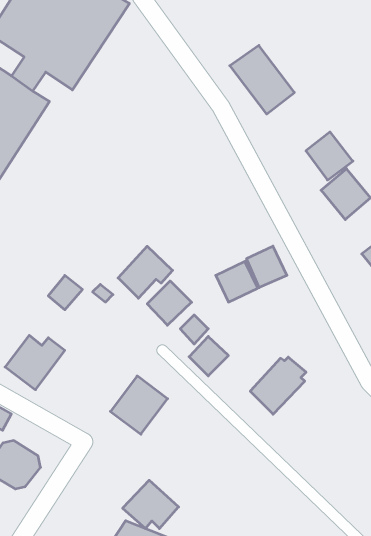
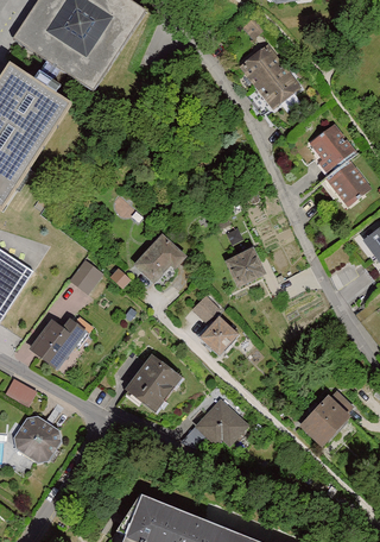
building: [247,246,287,288] -> none
building: [147,281,192,325] -> none
building: [250,357,306,414] -> [300,393,353,447]
building: [123,480,179,529] -> [196,402,248,447]

